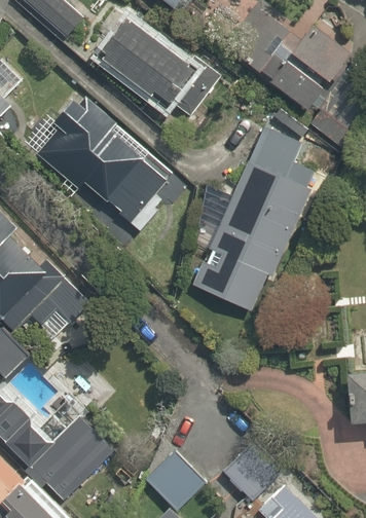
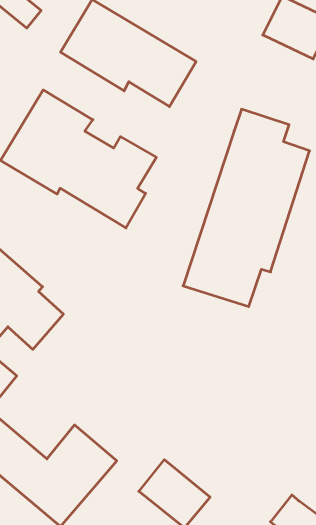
building: [259,57,323,111] -> none
building: [223,444,278,499] -> none

